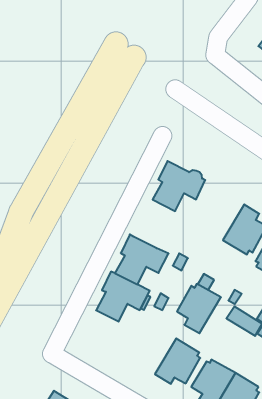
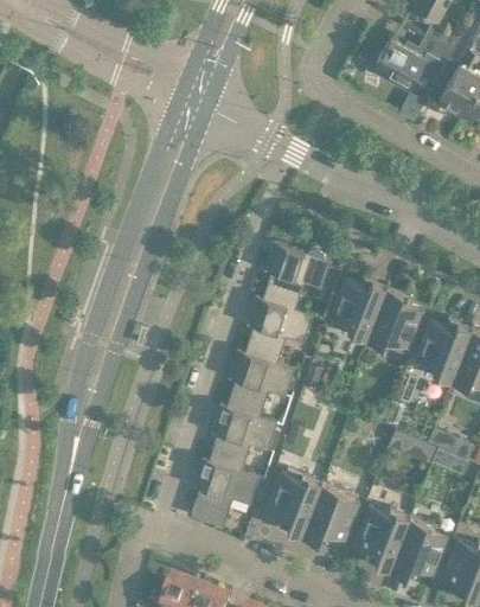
building: none -> [329,279,388,340]
building: none -> [244,298,313,365]
building: [177,284,221,333] -> [267,471,324,537]
building: none -> [191,460,260,529]

